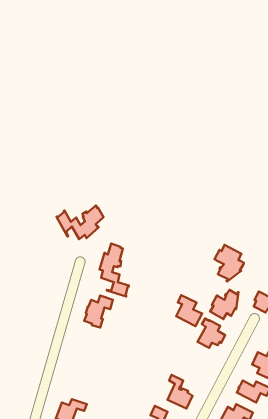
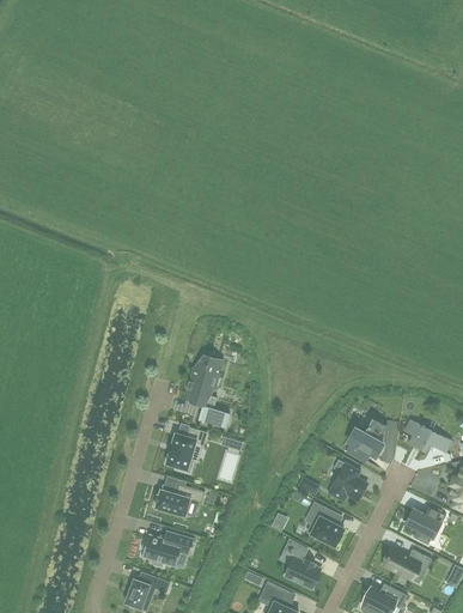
building: [57,206,104,239] -> none
building: [214,245,244,282] -> none
building: [176,295,202,326] -> [306,502,343,546]
building: none -> [154,485,203,516]
building: none -> [140,530,193,568]

